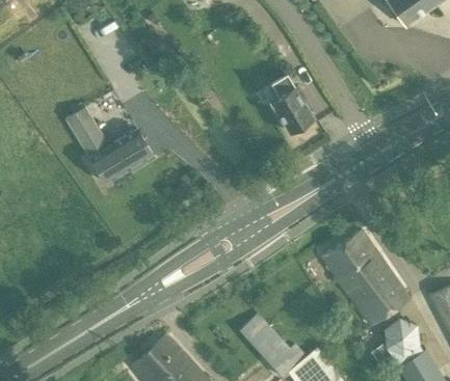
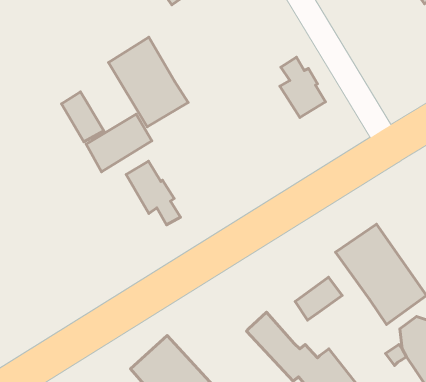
building: none -> [108,37,188,127]
building: none -> [126,161,181,225]
building: none -> [295,277,342,320]

